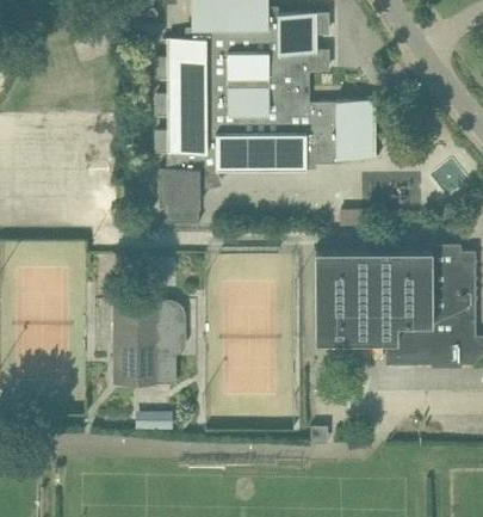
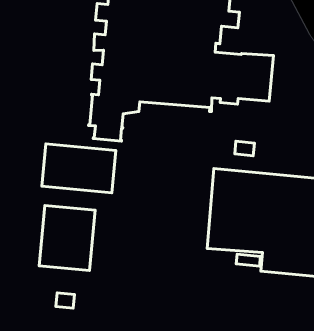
building: none -> [42,144,116,193]

